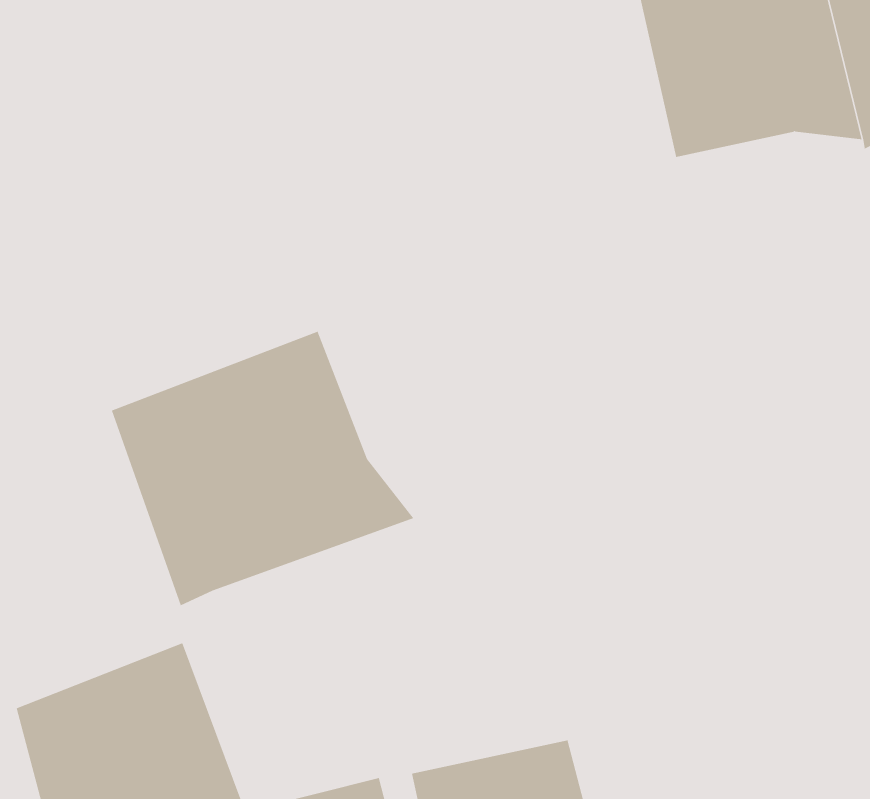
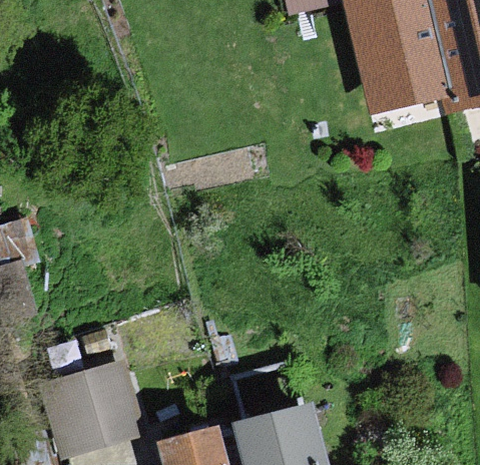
building: [111,331,414,606] -> none

